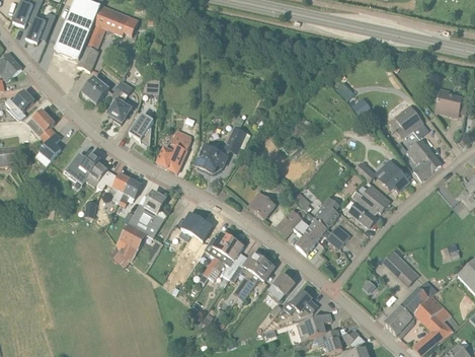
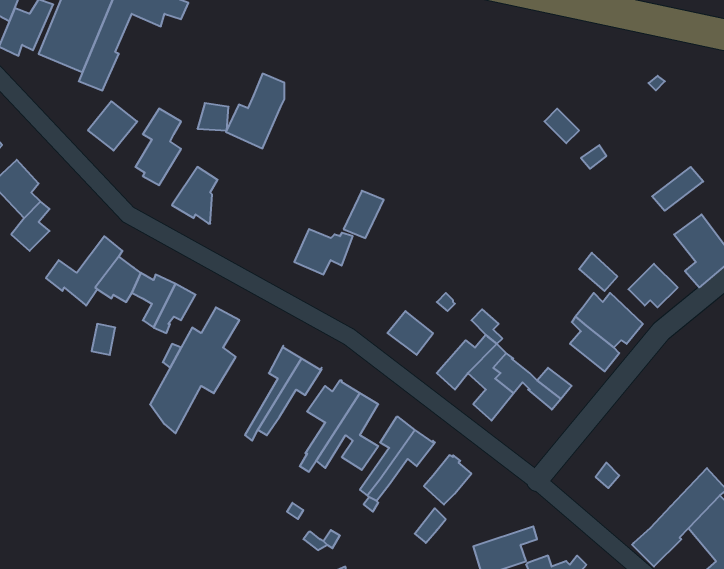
building: [157,130,189,171] -> [226,74,284,148]
building: [316,197,339,227] -> none
building: [385,251,418,283] -> none
building: [283,289,318,315] -> none

